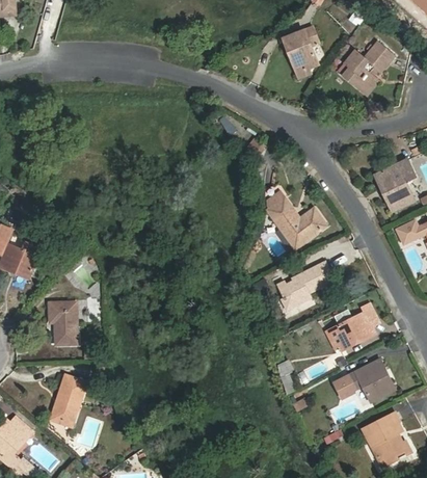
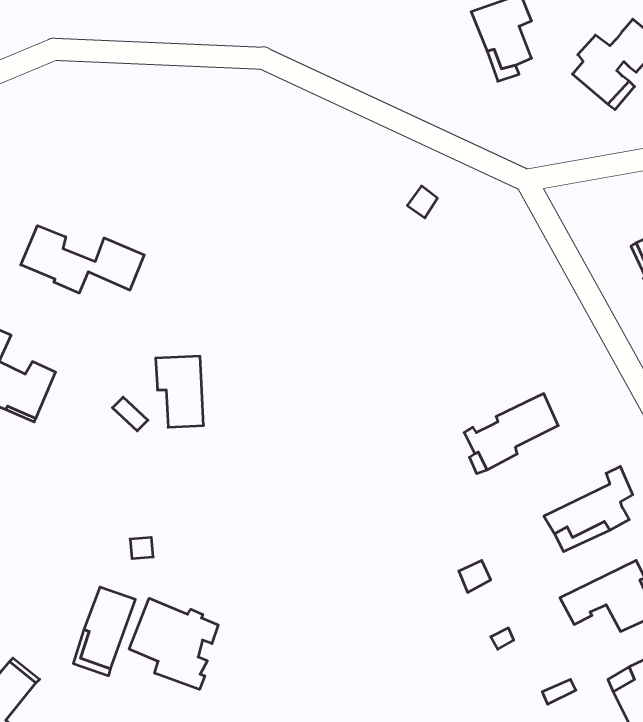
building: none -> [21,226,144,293]
building: [264,185,326,247] -> none
building: [49,301,77,343] -> [156,356,204,427]
building: none -> [129,598,218,689]

